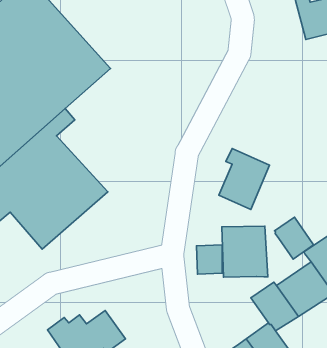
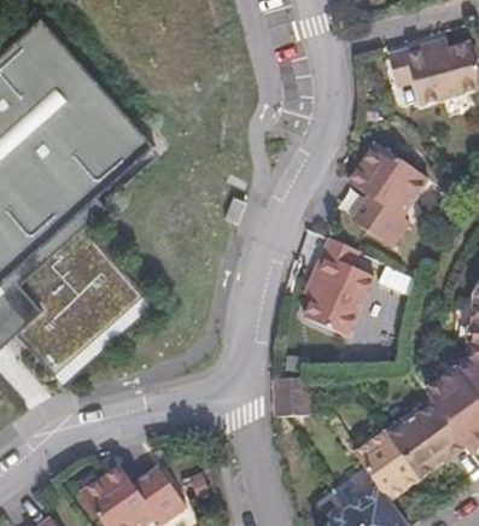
building: none -> [351,140,419,244]
building: [275,217,313,259] -> none
building: [222,226,268,277] -> none

